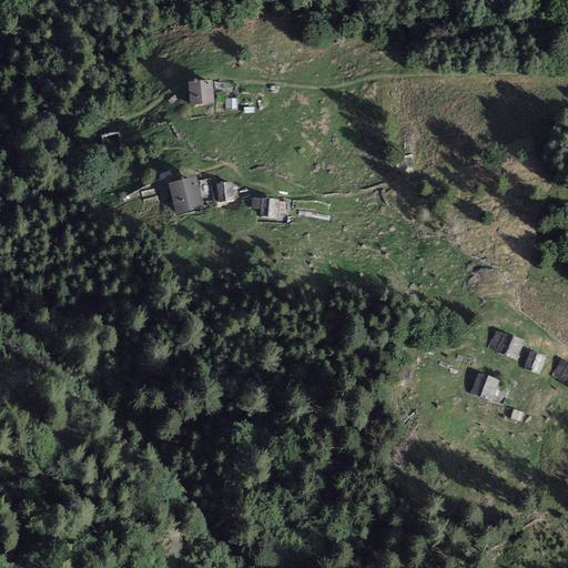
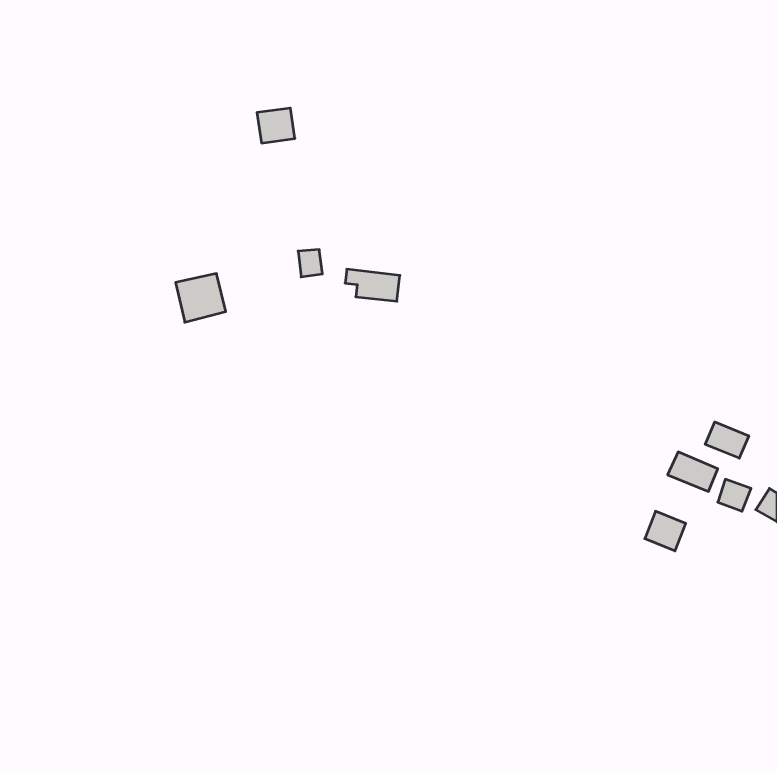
building: [168,176,204,212] -> [176,274,226,322]
building: none -> [705,422,749,458]

